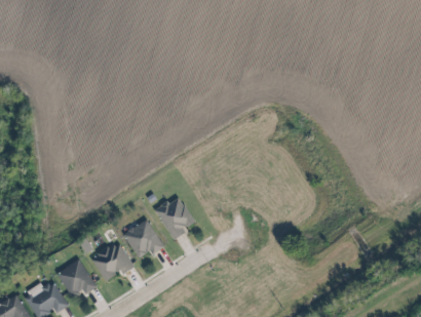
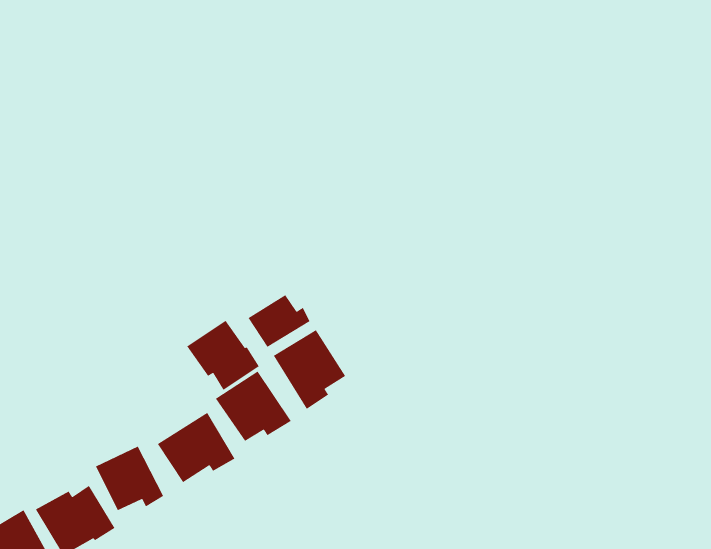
building: none -> [248,294,310,348]
building: none -> [186,320,260,391]

